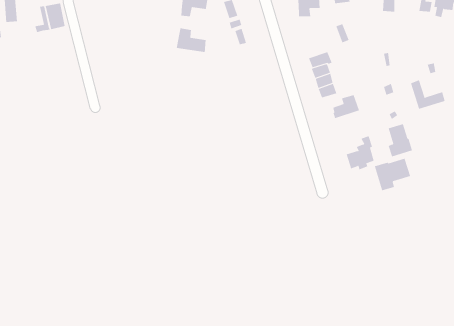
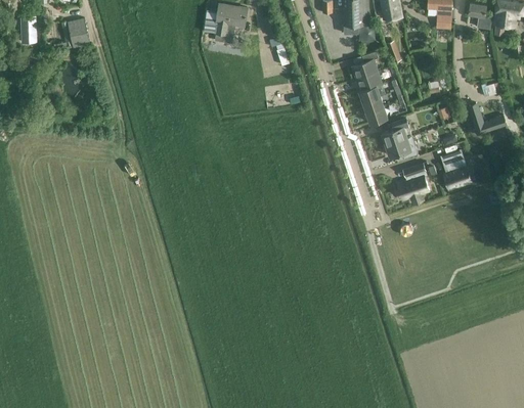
building: [176,28,206,53] -> none
building: none -> [352,51,379,79]
building: none -> [385,136,418,160]
building: [374,158,411,191] -> none

